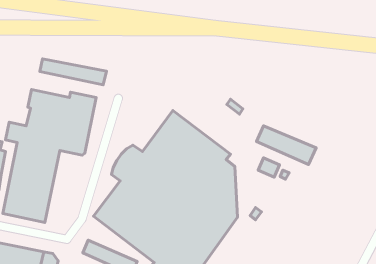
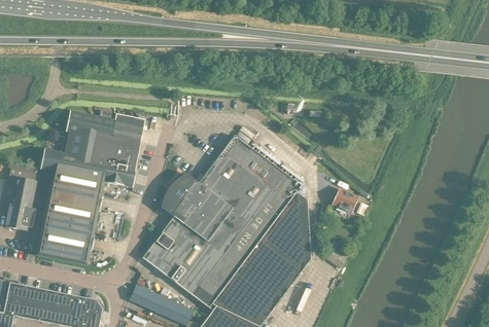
building: [40,59,107,85] -> none
building: [257,126,316,165] -> none

